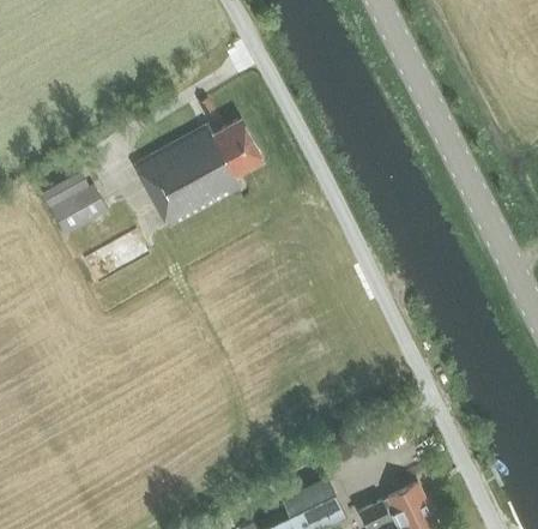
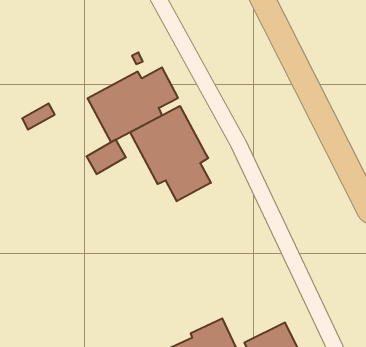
building: none -> [130,106,211,201]
building: [50,185,107,234] -> [86,140,126,174]

